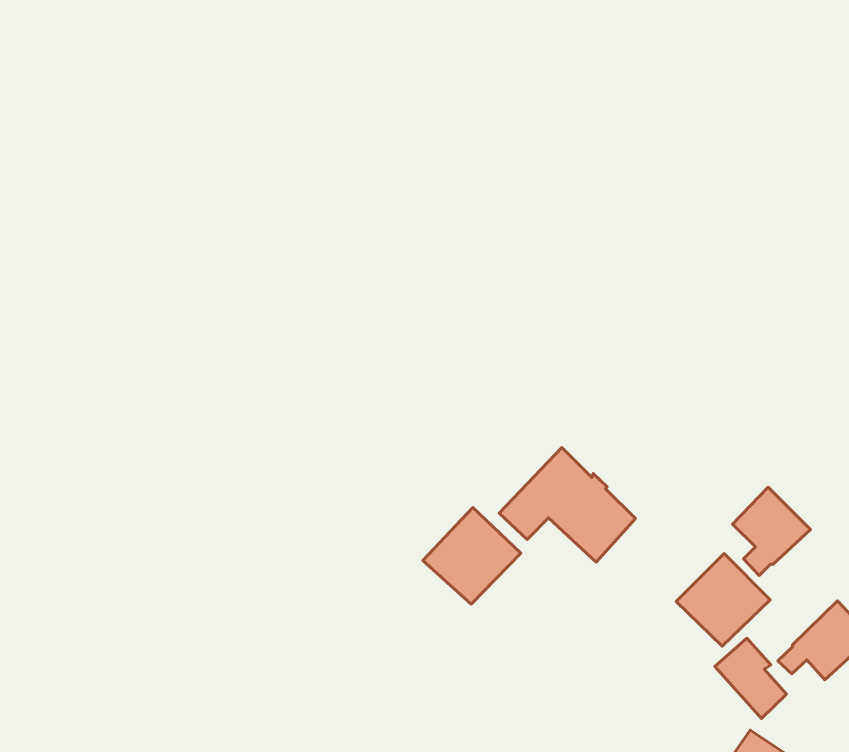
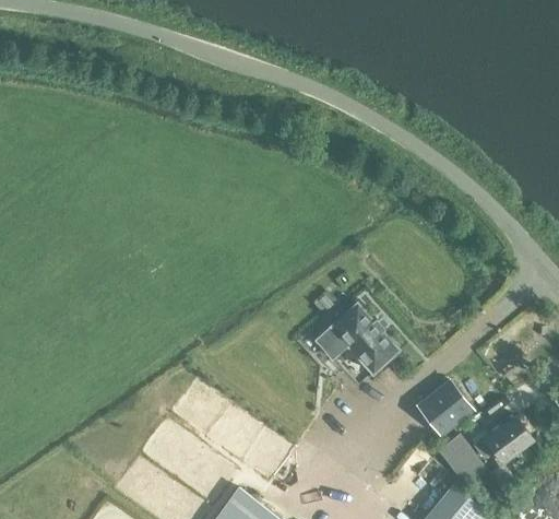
building: [733,487,811,576] -> none
building: [423,508,521,604] -> none

